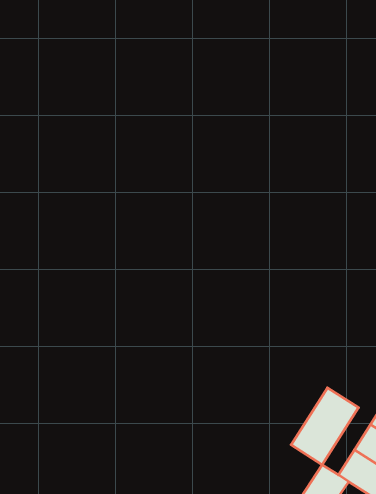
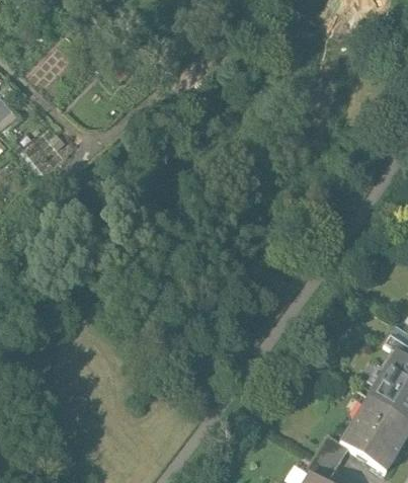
building: [291,388,359,465] -> none

